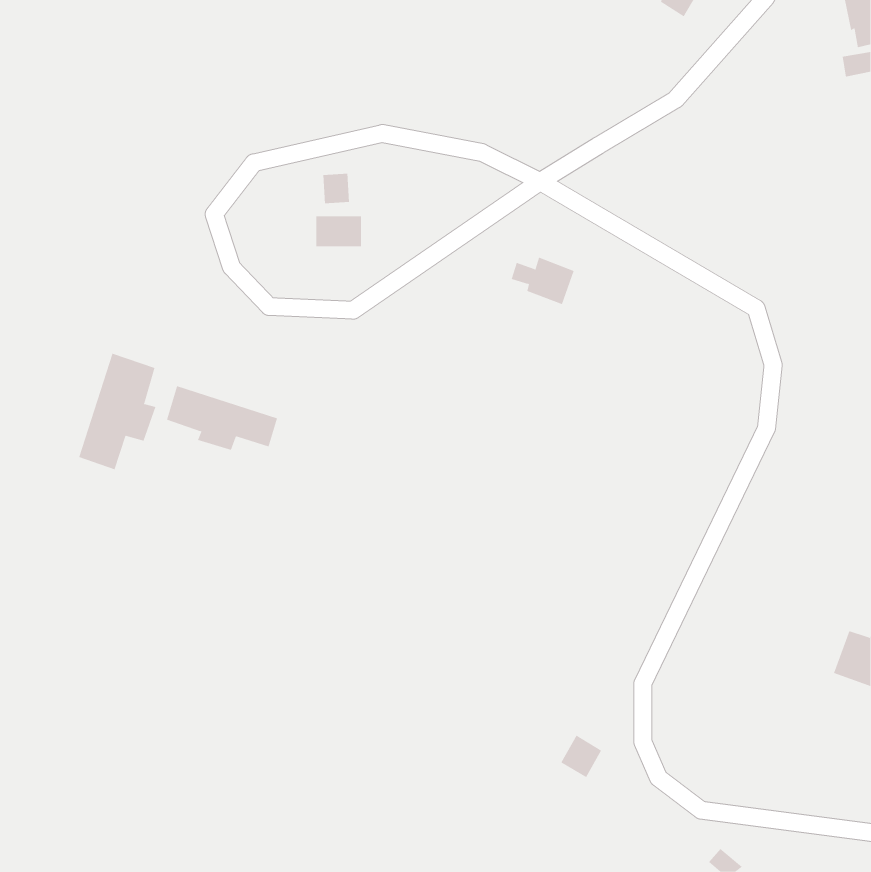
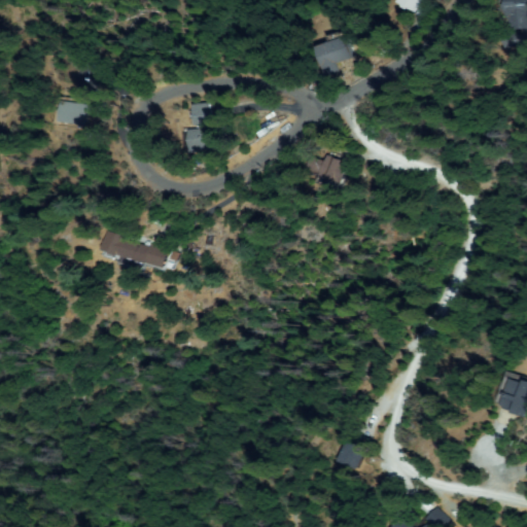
building: none -> [313,36,351,73]
building: none -> [59,99,85,125]
building: [78,353,156,470] -> none

